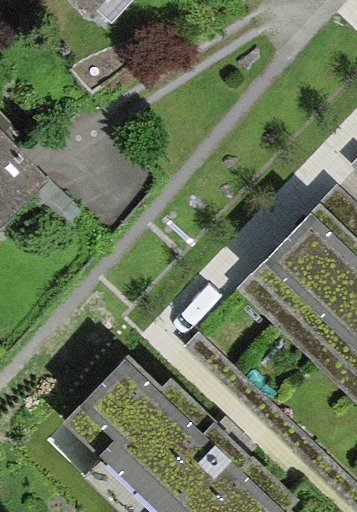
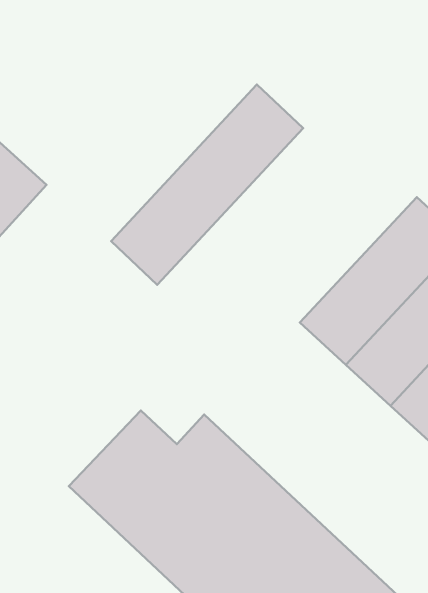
building: none -> [111,85,303,285]

